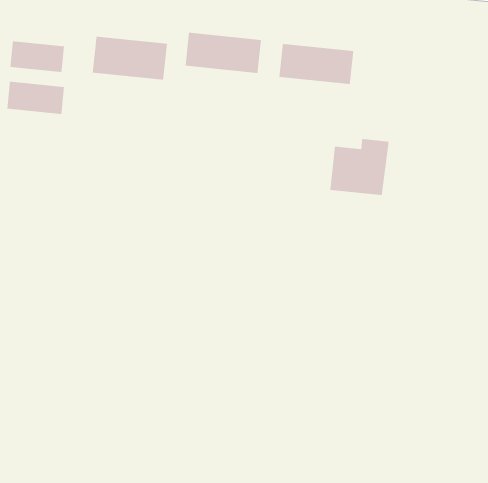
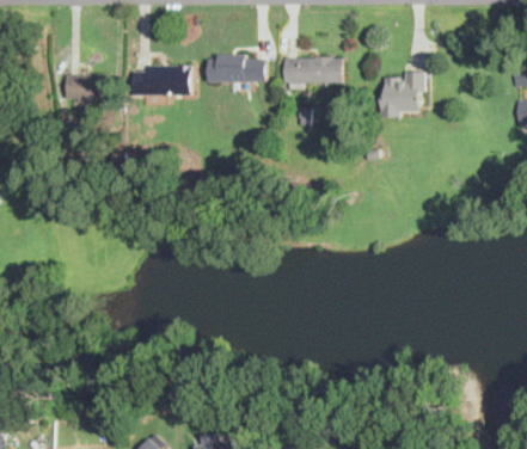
building: [7,81,65,115] -> none
building: [329,139,389,196] -> [380,70,424,115]

